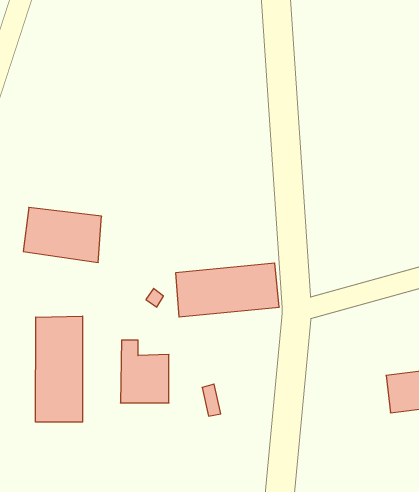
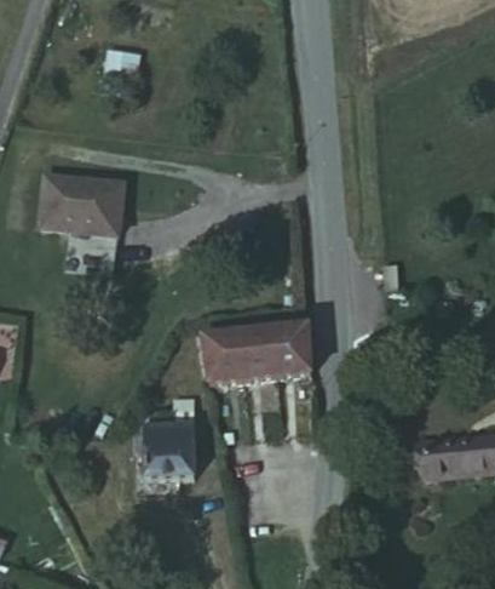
building: [23,207,102,262] -> [39,167,125,228]
building: [36,316,83,422] -> none

